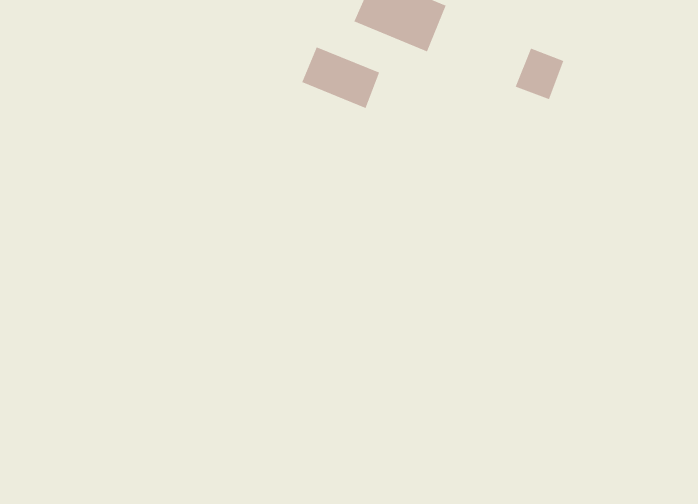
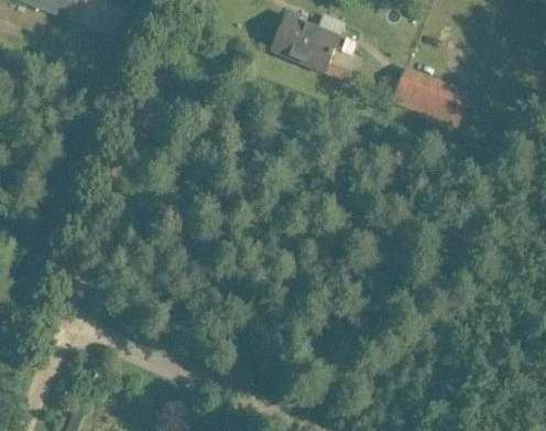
building: [302,47,380,109] -> none

